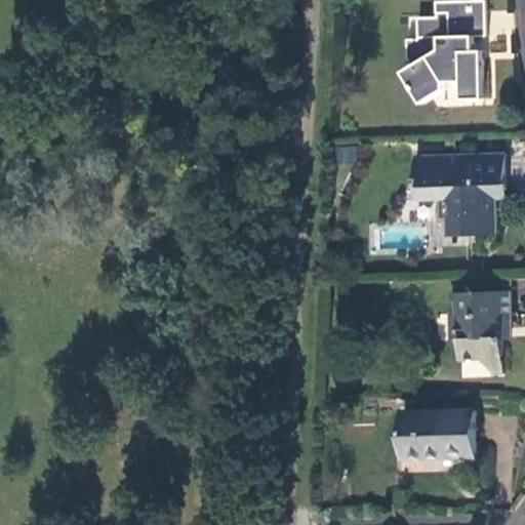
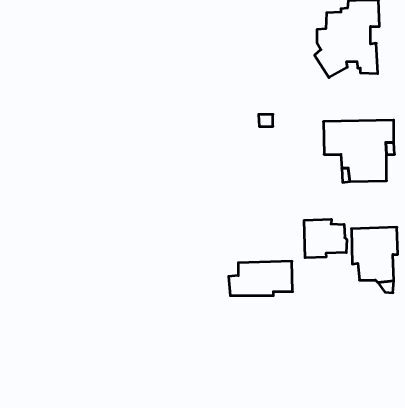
building: none -> [304,219,347,258]
building: [389,412,471,456] -> [229,261,293,296]

